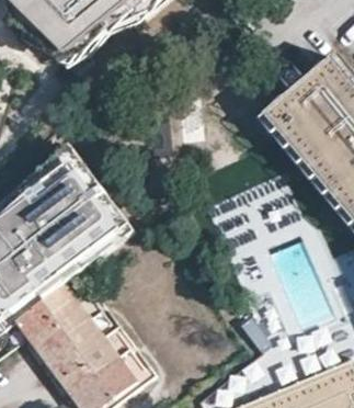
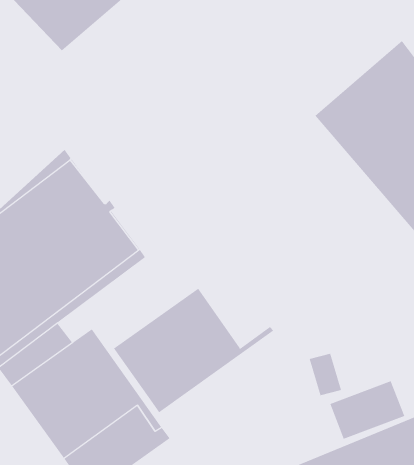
building: none -> [113,288,274,413]

